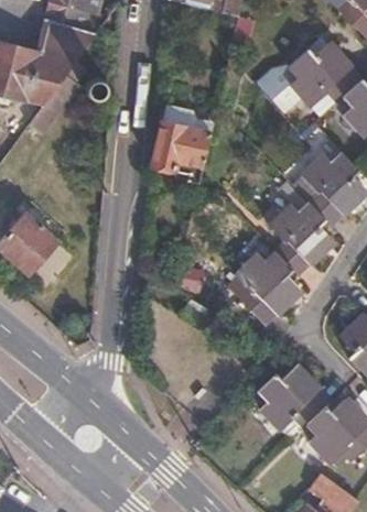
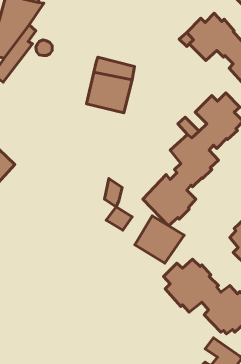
building: none -> [135,216,184,263]

